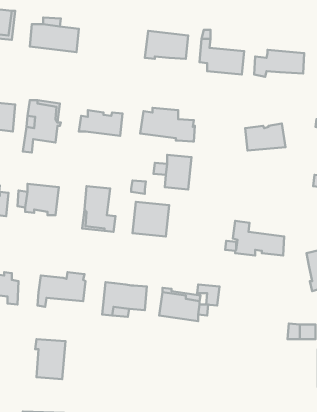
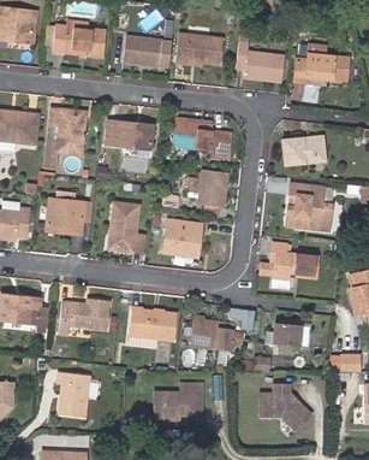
building: none -> [120,37,169,66]
building: none -> [286,183,332,229]
building: none -> [275,320,303,343]
building: none -> [159,376,204,412]
building: none -> [256,377,313,427]

